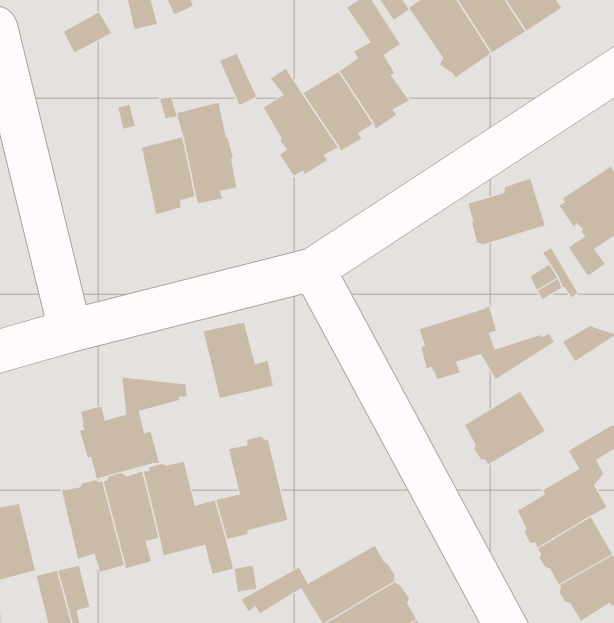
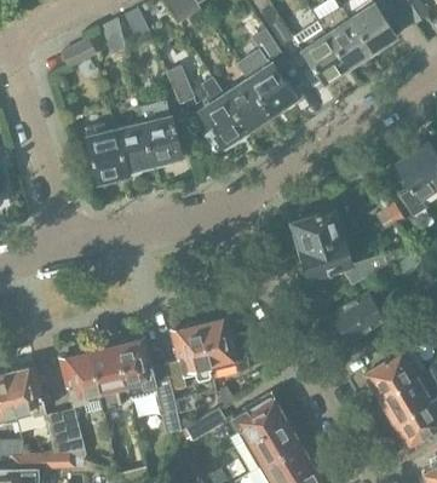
building: none -> [87,125,125,182]
building: [467,178,545,245] -> [291,207,343,252]
building: [203,322,274,398] -> [200,318,247,369]
building: [79,377,187,479] -> none

